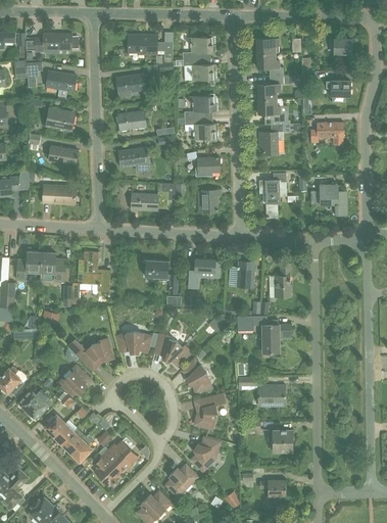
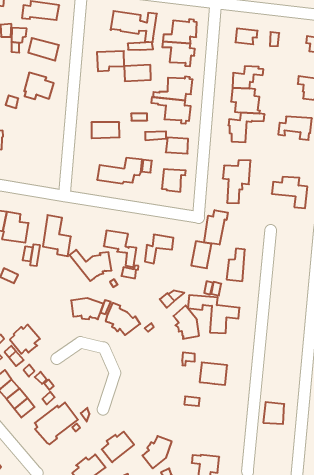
building: [256,52,283,76] -> none
building: [116,110,145,130] -> [124,65,151,81]
building: [47,144,78,164] -> none
building: [42,185,74,204] -> none
building: none -> [204,210,228,245]
building: [67,338,112,370] -> [70,250,112,281]
building: [182,358,210,392] -> [173,305,199,339]
building: [193,393,225,429] -> none
building: [272,430,292,451] -> [263,402,284,424]
building: [190,437,219,471] -> [142,436,172,468]

